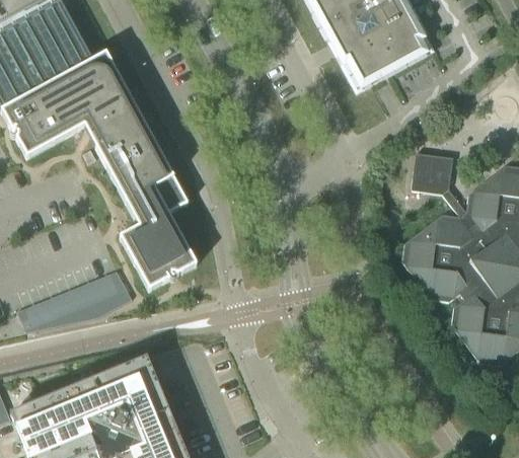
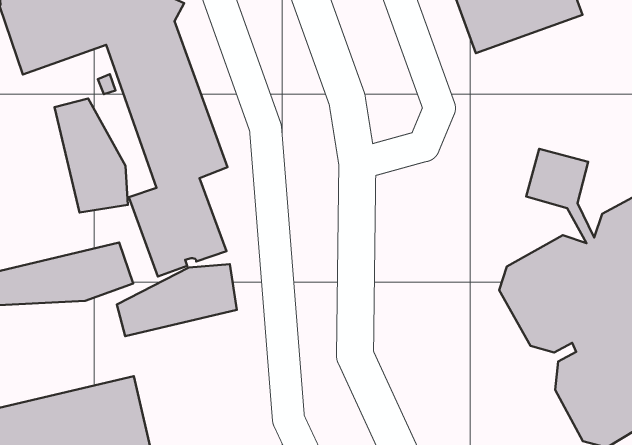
building: none -> [55,99,128,213]
building: none -> [117,264,237,336]

